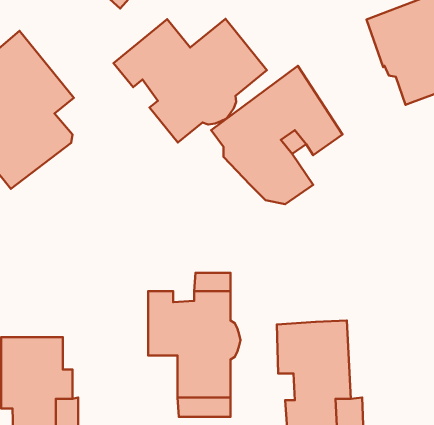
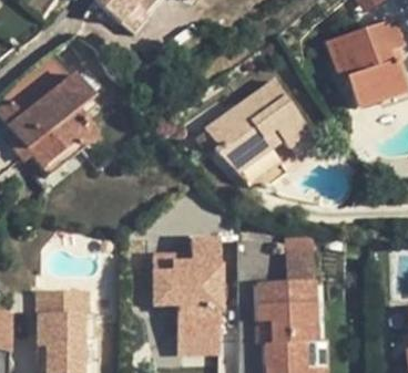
building: [113,19,267,142] -> none
building: none -> [286,232,313,280]

